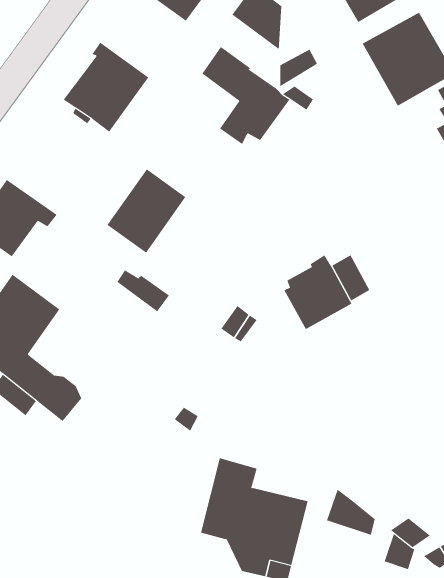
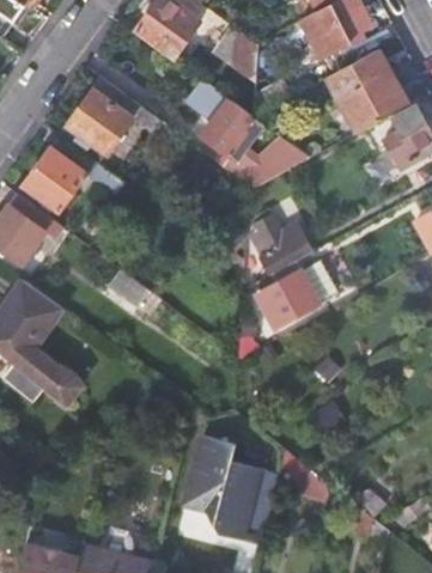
building: none -> [241,140,309,191]
building: [107,168,186,253] -> [23,136,92,211]
building: none -> [251,217,311,269]

